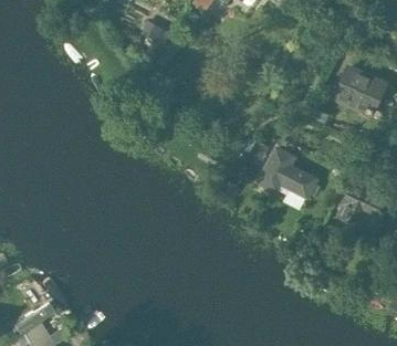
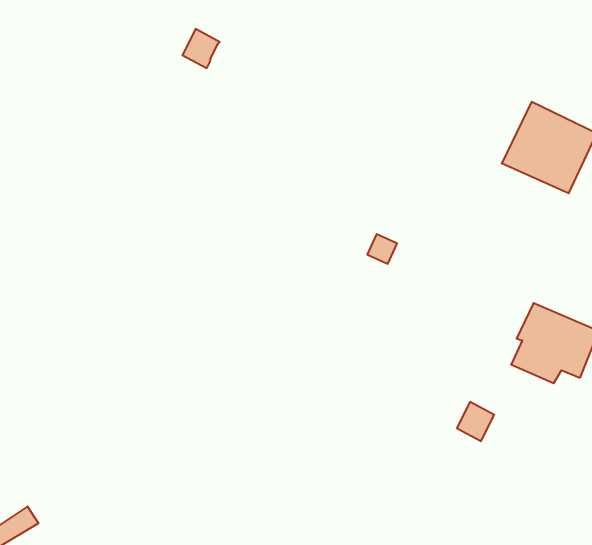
building: [253,147,315,200] -> none

